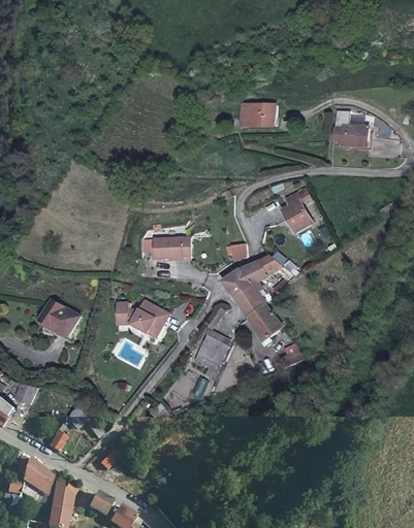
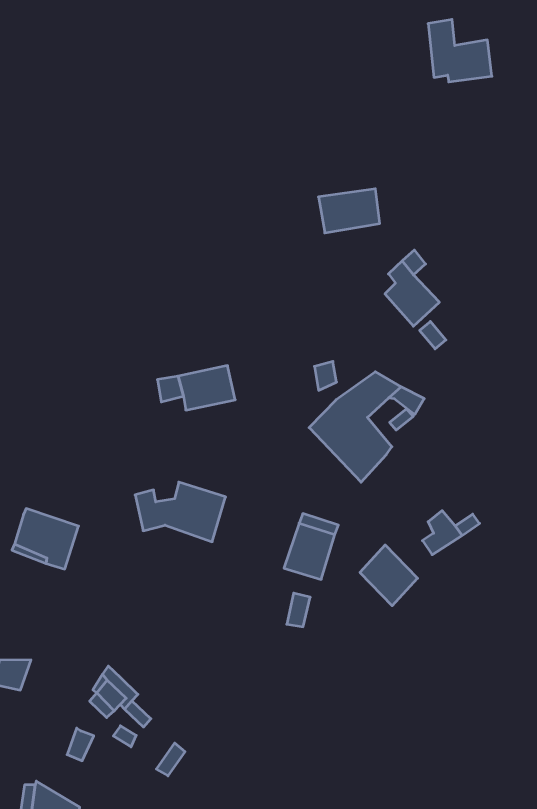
building: [242,104,276,126] -> [318,189,380,233]
building: [333,109,369,146] -> [428,19,492,82]
building: [249,304,282,340] -> [360,545,418,606]

